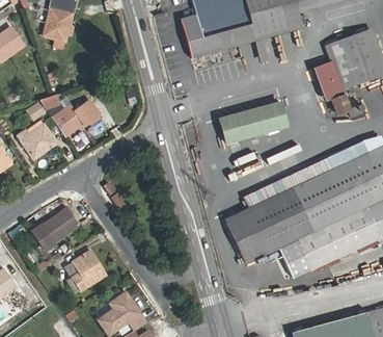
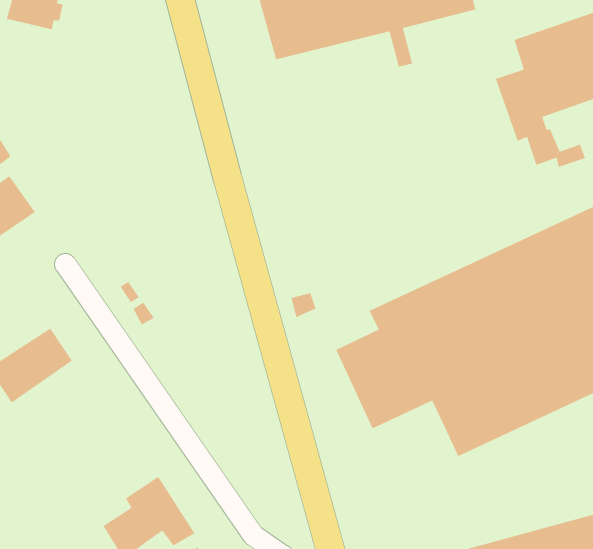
building: [52,98,102,136] -> none
building: [220,100,289,142] -> none
building: [70,248,107,291] -> none

